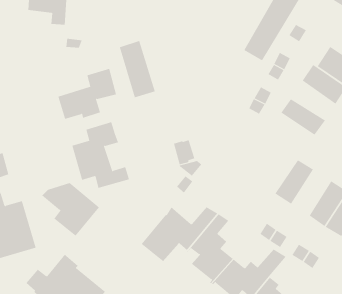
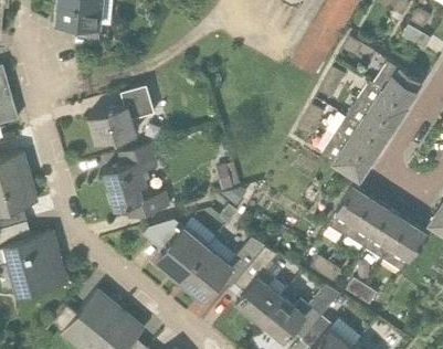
building: [119,40,156,98] -> none
building: none -> [345,99,394,142]
building: none -> [321,135,371,179]
building: none -> [346,197,389,247]
building: [42,182,100,237] -> [143,219,207,278]

